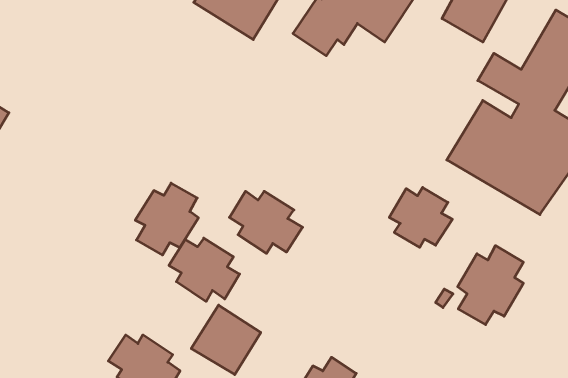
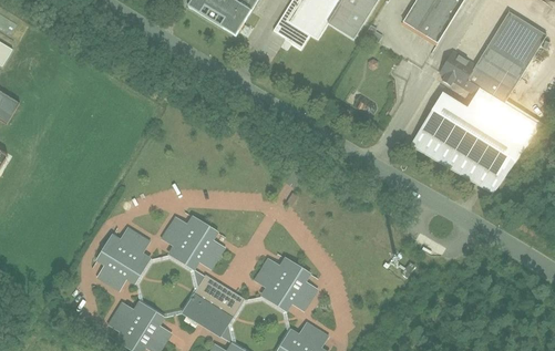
building: [135,183,198,255] -> [94,226,151,290]
building: [389,187,452,247] -> none
building: [229,191,303,253] -> [253,256,318,311]
building: [458,246,523,325] -> none

